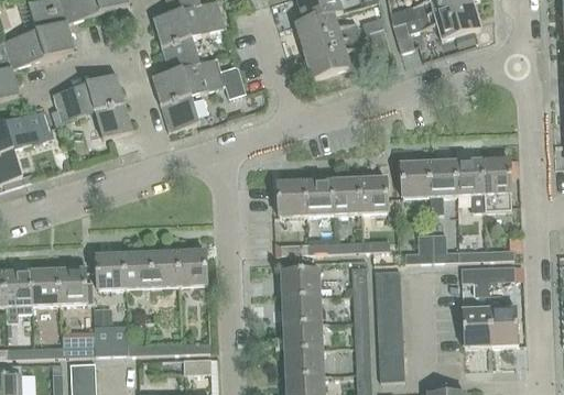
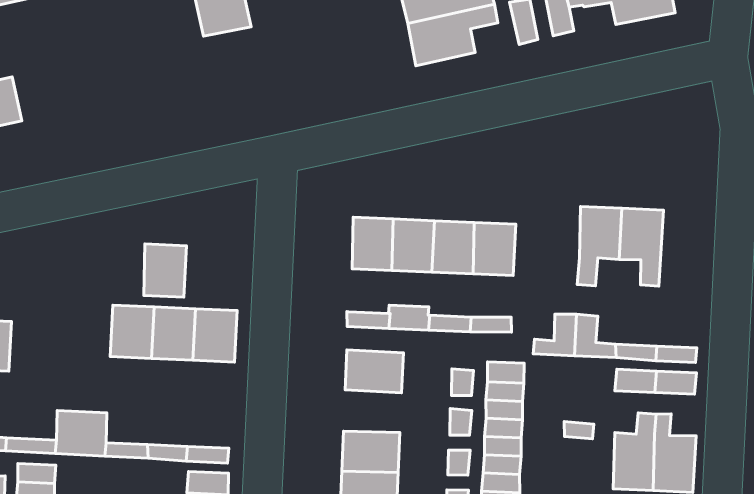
building: [151,56,245,130] -> none
building: [53,74,132,136] -> none
building: [482,158,511,210] -> none
building: [401,162,430,197] -> none
building: [96,253,124,288] -> [144,244,186,297]
building: [57,262,91,303] -> none
building: [282,295,321,323] -> none

